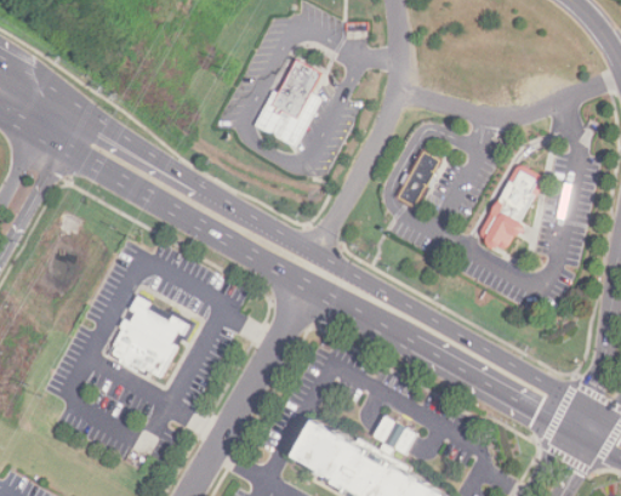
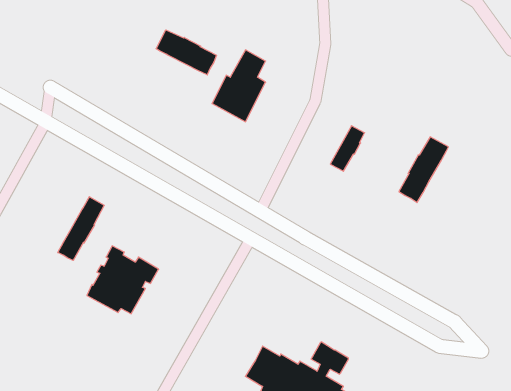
building: none -> [156,30,217,75]
building: none -> [58,197,104,260]

